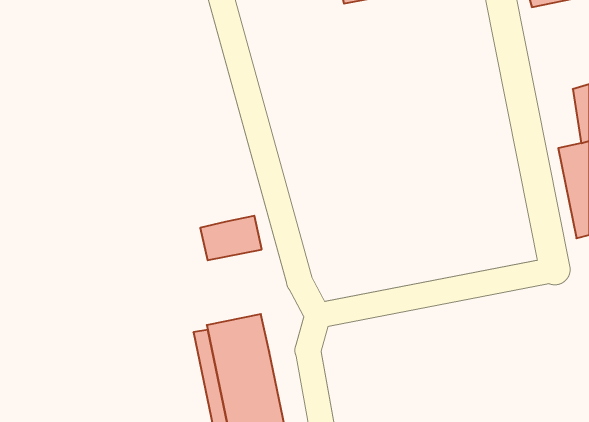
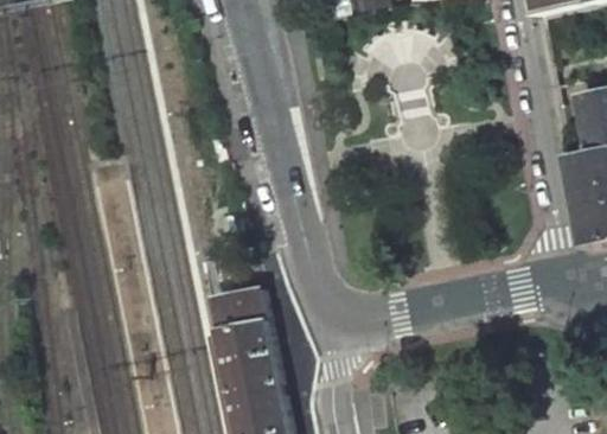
building: [200,216,262,260] -> [211,283,271,327]

